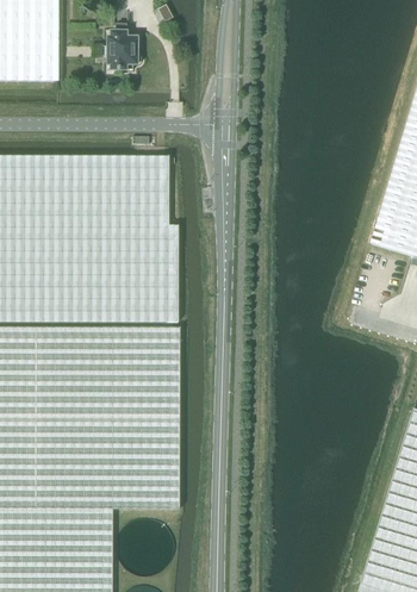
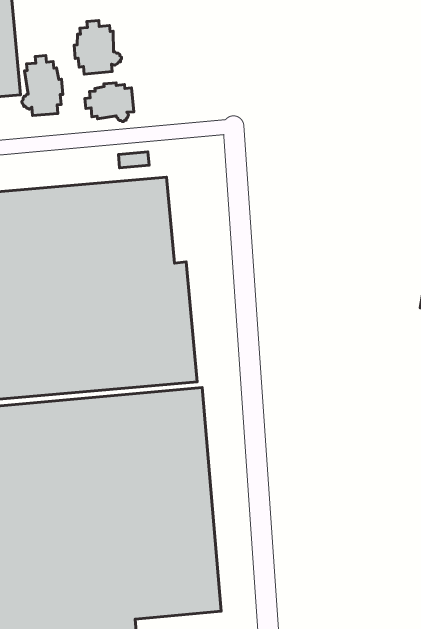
building: none -> [22,55,63,116]
building: none -> [85,83,134,122]

